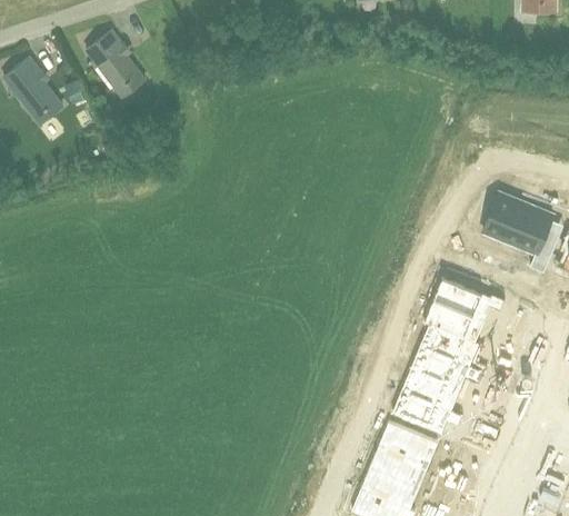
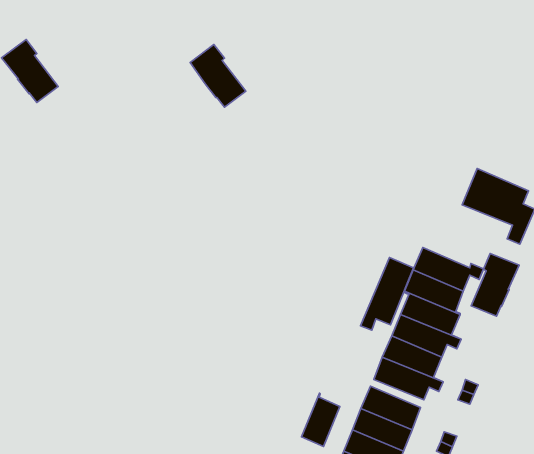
building: [87,31,144,97] -> [190,44,246,107]
building: none -> [471,253,519,316]
building: none -> [361,258,413,330]
building: none -> [301,393,340,446]

